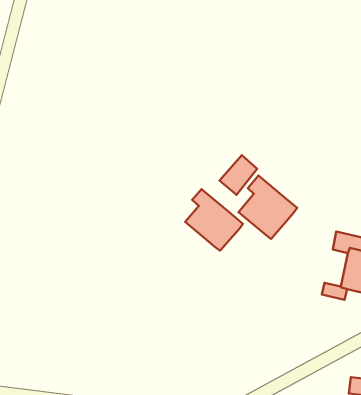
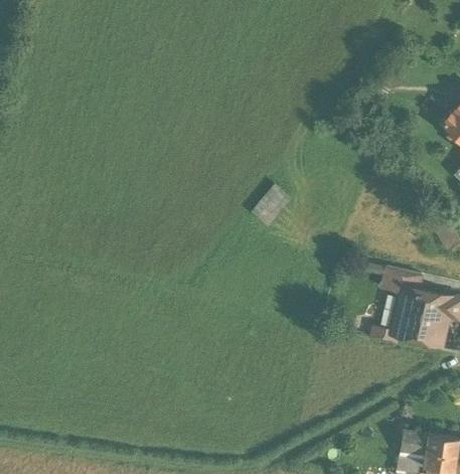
building: [238,175,297,239] -> none
building: [185,189,243,251] -> none

